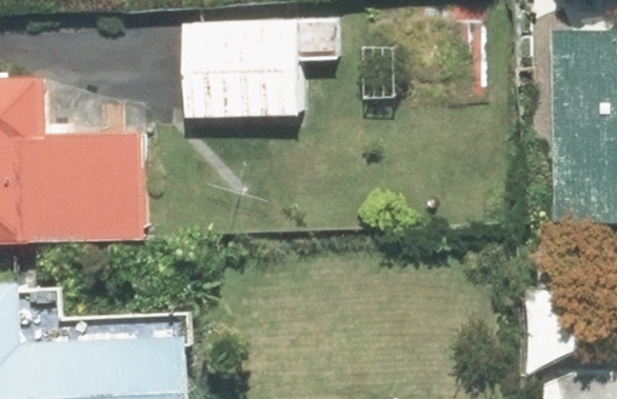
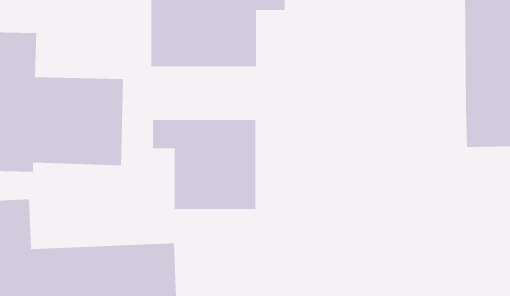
building: none -> [152,119,256,210]

